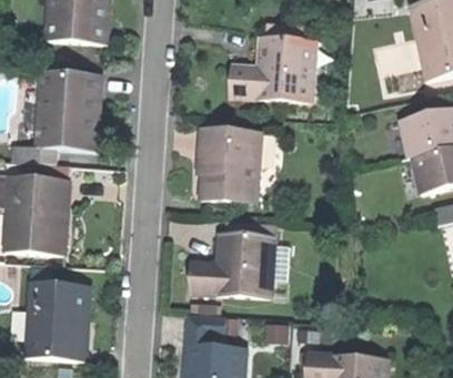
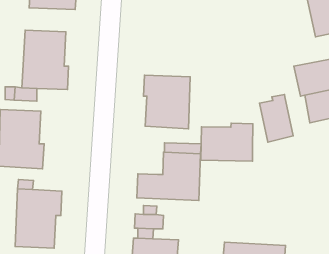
building: [230,38,313,101] -> none
building: none -> [259,94,293,142]
building: none -> [201,123,253,161]

